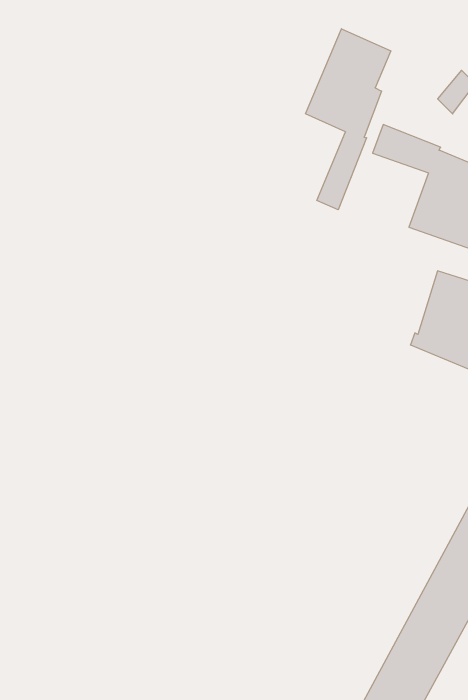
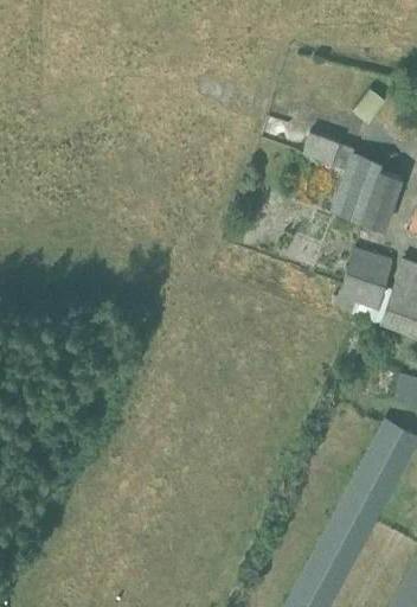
building: [305,29,391,210] -> none

